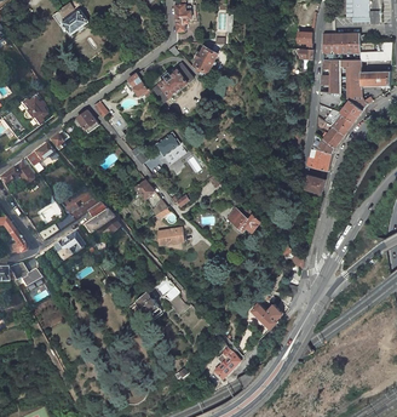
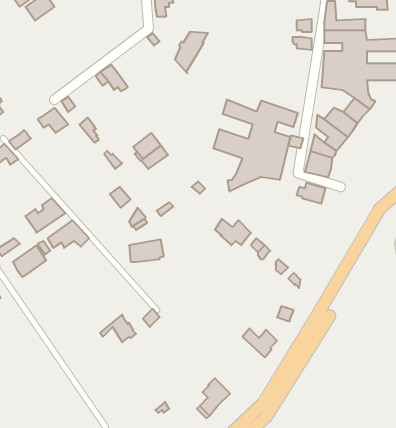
building: [155,63,194,101] -> none
building: none -> [214,100,298,192]

